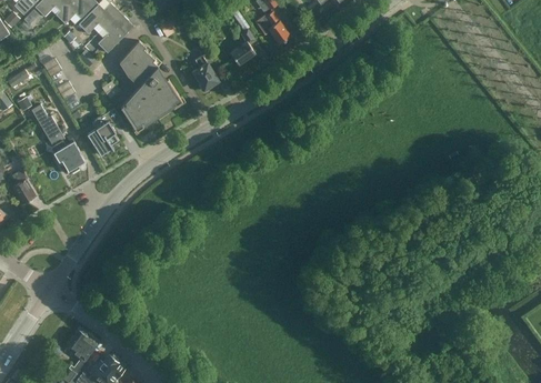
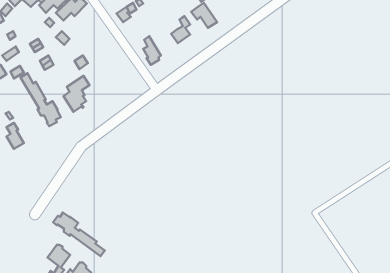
building: [97,12,128,53] -> none
building: [118,41,181,132] -> none
building: none -> [53,212,105,256]

